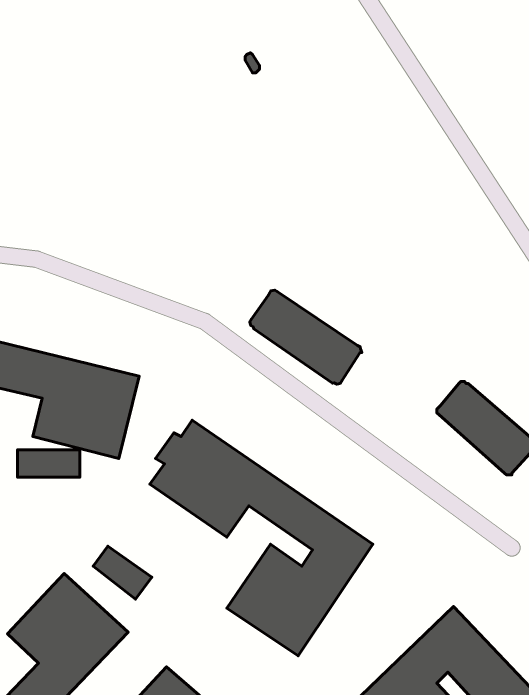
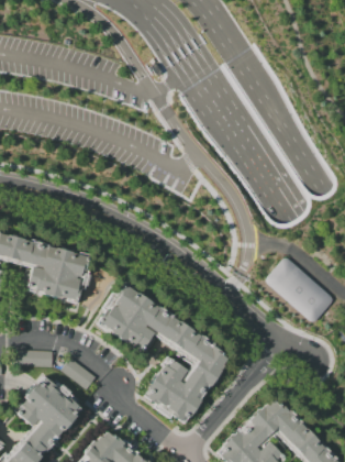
building: [250,290,362,384] -> none
building: [18,450,80,477] -> [20,351,57,367]

